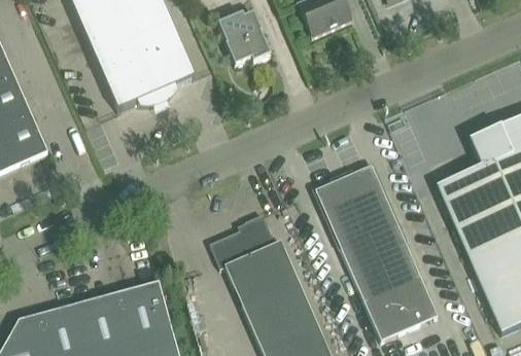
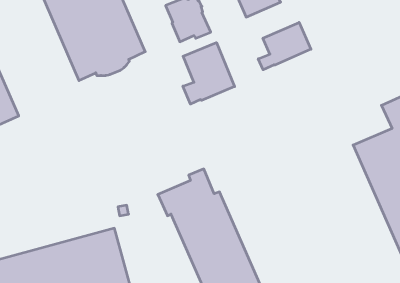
building: none -> [258,22,311,70]
building: none -> [183,43,235,104]
building: [316,165,438,340] -> none

